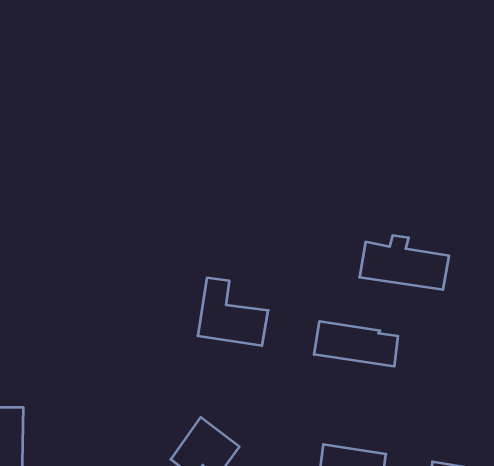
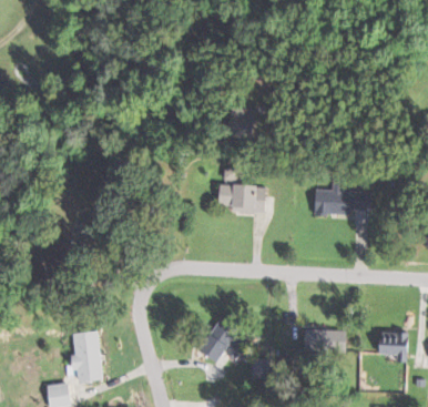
building: [198,278,268,346] -> [218,169,264,210]
building: [314,321,398,366] -> none

